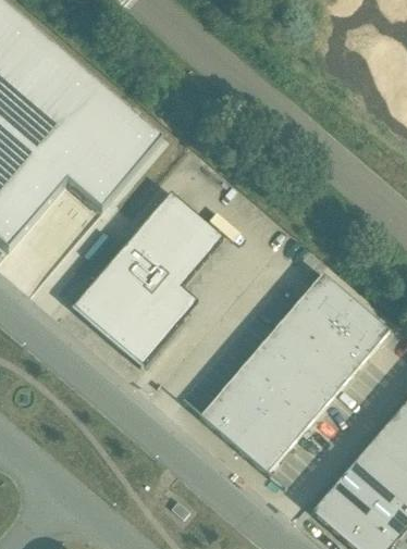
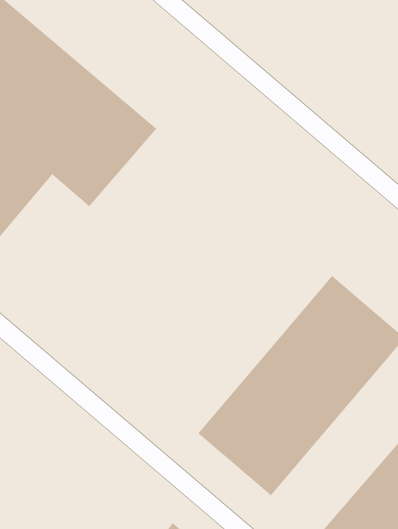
building: [72,189,223,365] -> none

